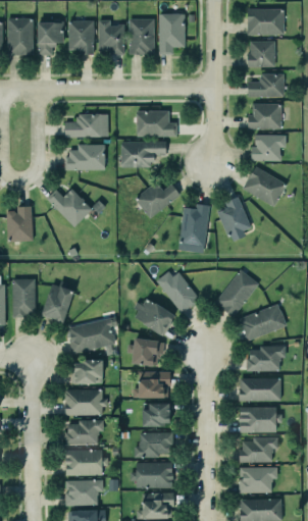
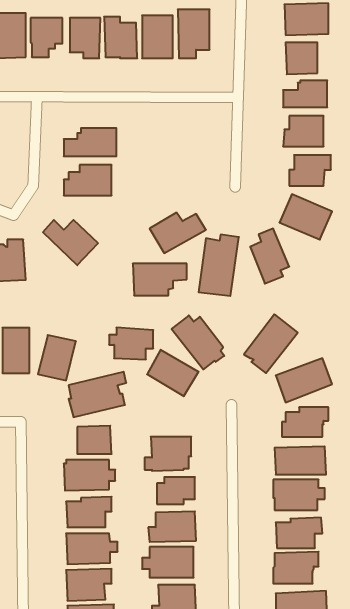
building: [136,110,176,136] -> none
building: [120,141,165,167] -> [133,264,187,295]
building: [129,340,165,366] -> [109,328,153,359]

